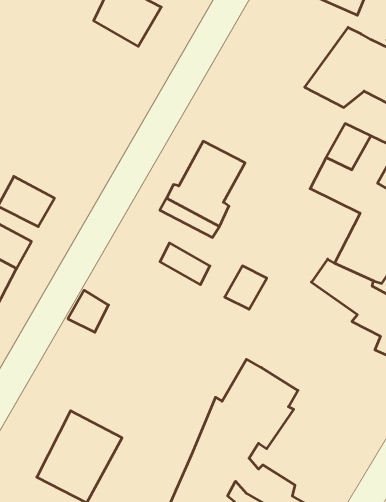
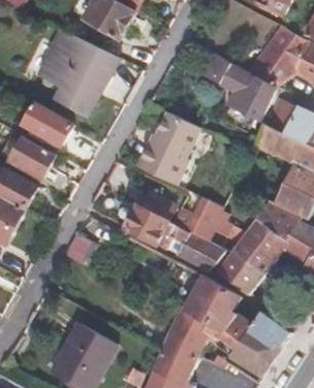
building: none -> [39,33,118,112]
building: none -> [202,54,276,121]
building: none -> [21,103,71,143]
building: none -> [122,203,166,244]
building: none -> [215,219,286,294]
building: none -> [163,226,222,269]
building: none -> [217,316,289,377]

